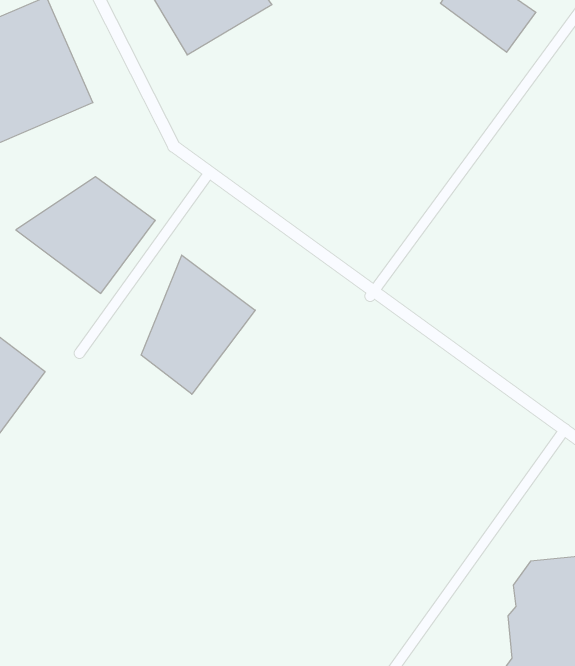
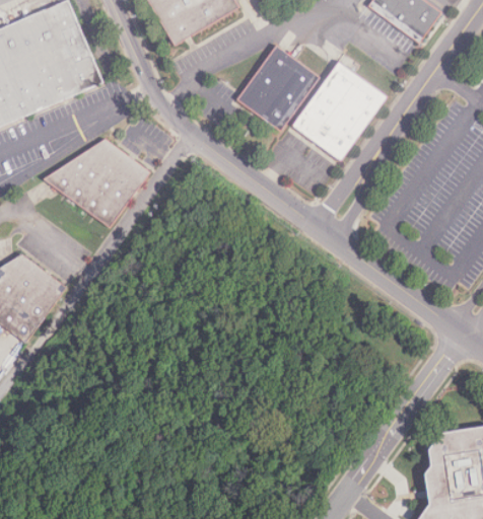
building: none -> [236,46,320,132]
building: none -> [291,61,388,162]
building: [141,255,255,394] -> none

